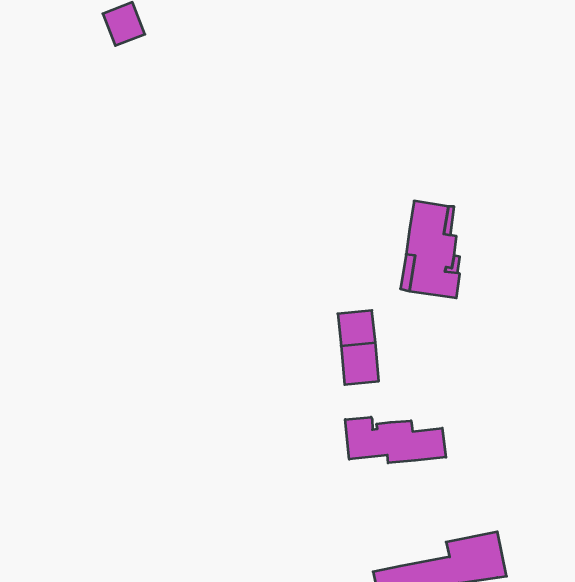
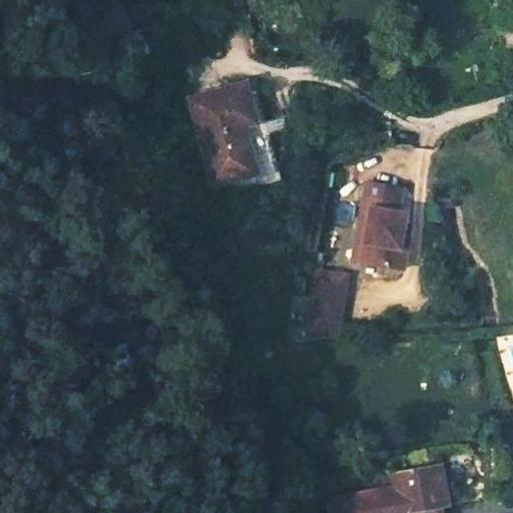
building: none -> [188,82,261,182]
building: [345,417,446,463] -> none

